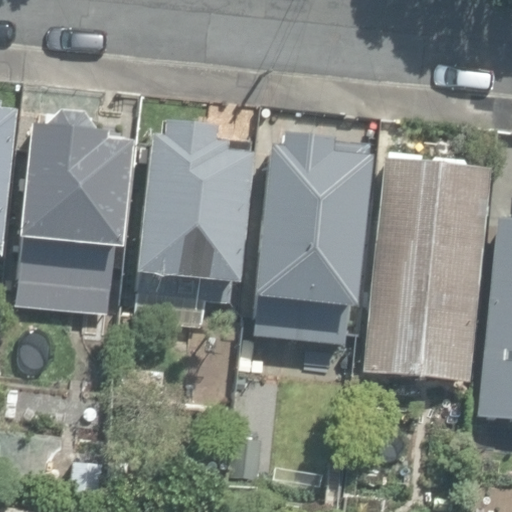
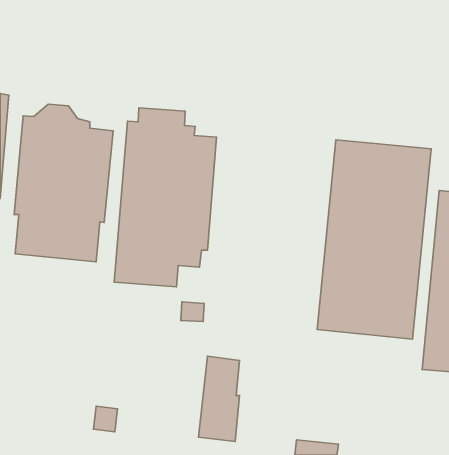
building: [252,139,368,328] -> none

